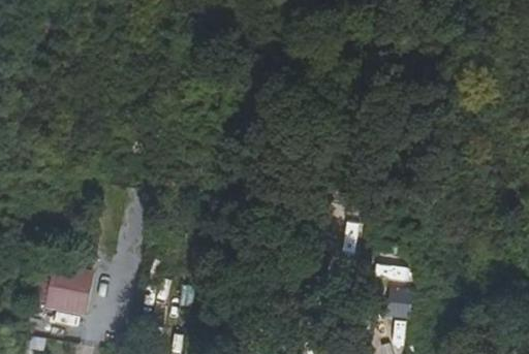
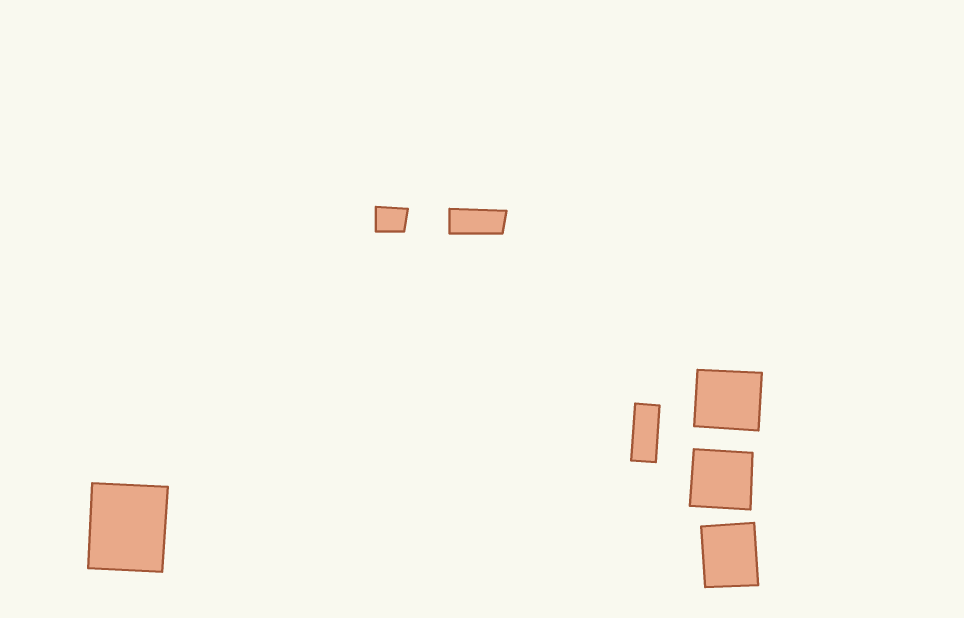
building: none -> [694,370,762,430]

